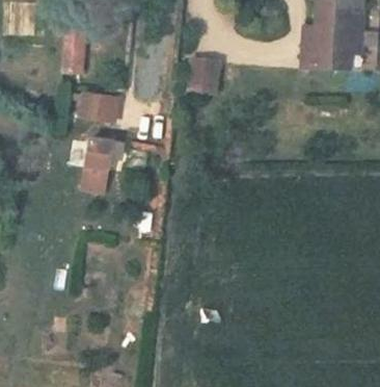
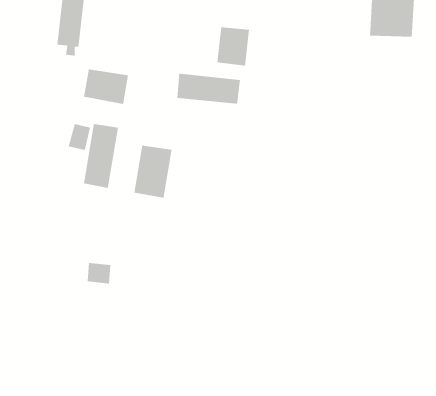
building: none -> [177,73,240,105]
building: none -> [134,145,172,198]

